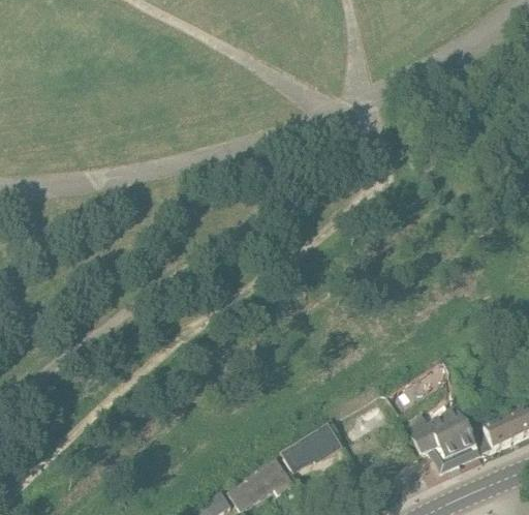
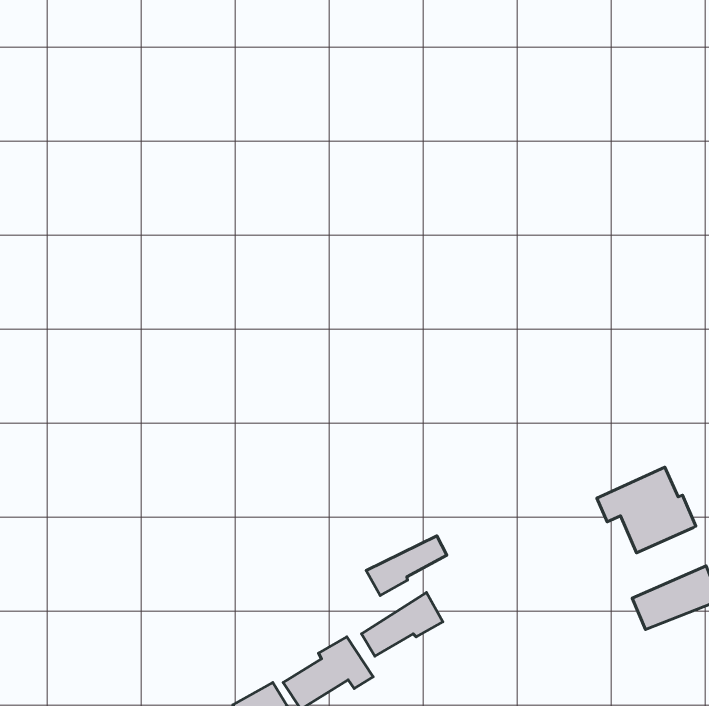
building: none -> [366,536,447,595]
building: [411,410,480,469] -> [597,467,696,553]

